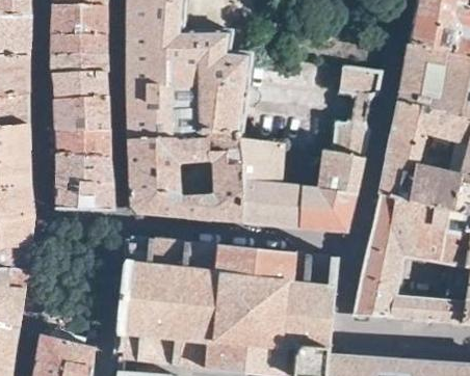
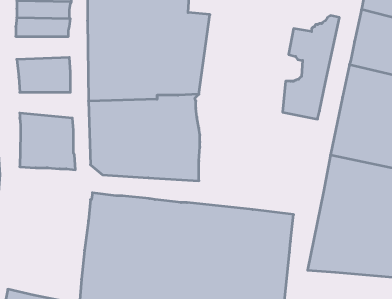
building: [51,71,107,95] -> none
building: [55,129,110,156] -> none
building: [238,135,366,232] -> none

